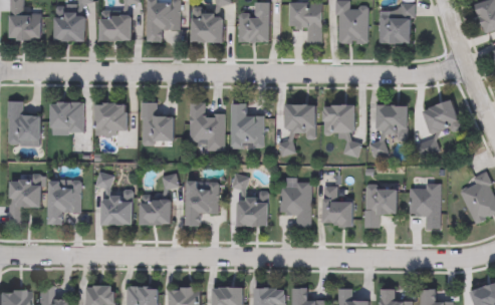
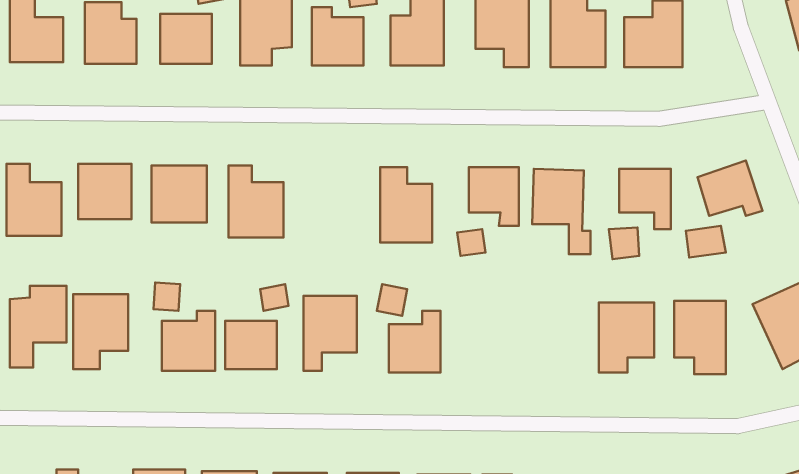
building: [189,102,224,150] -> none
building: [278,178,311,227] -> none
building: [322,186,352,227] -> none

